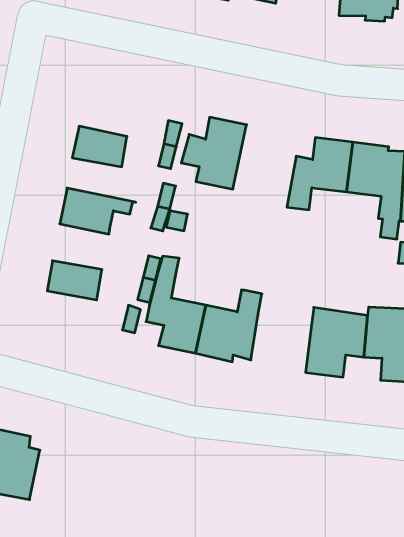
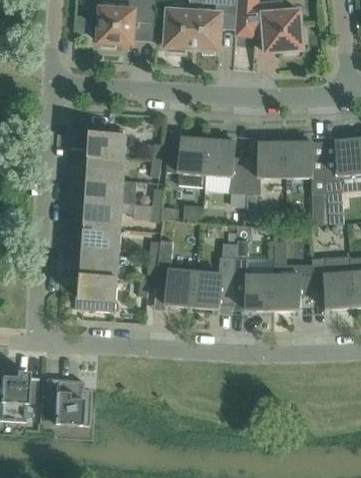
building: none -> [88,127,125,157]
building: none -> [204,138,246,206]
building: none -> [85,177,136,203]
building: none -> [81,225,119,255]
building: none -> [232,247,272,310]
building: none -> [73,275,116,311]

